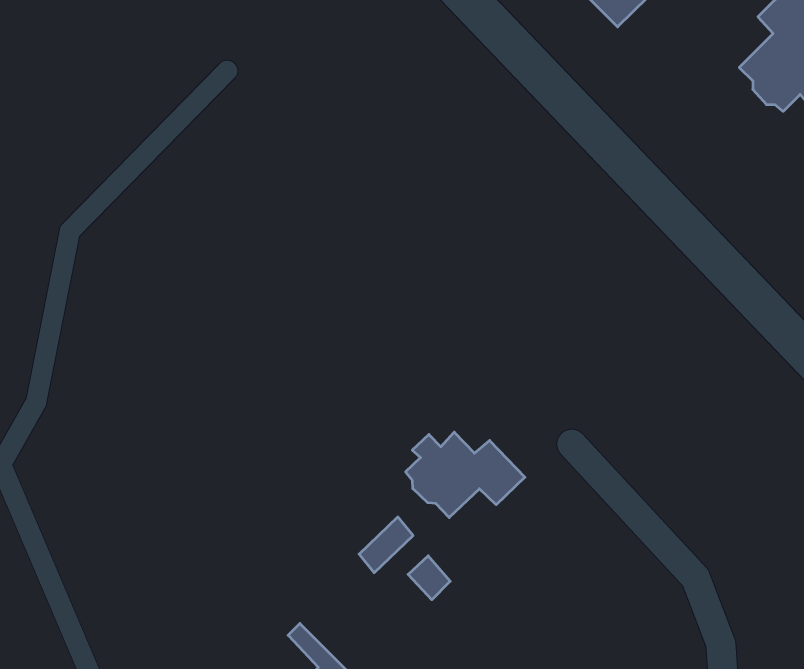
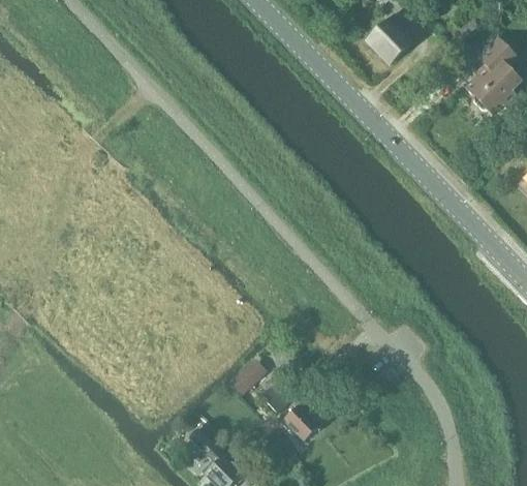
building: [406,432,525,518] -> none
building: none -> [281,404,317,439]

